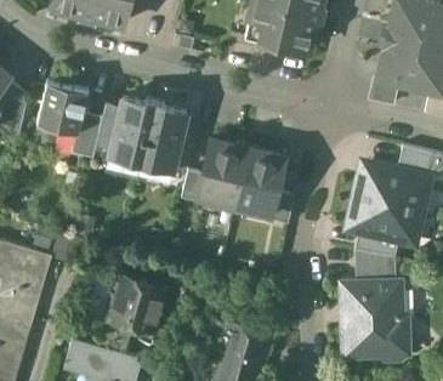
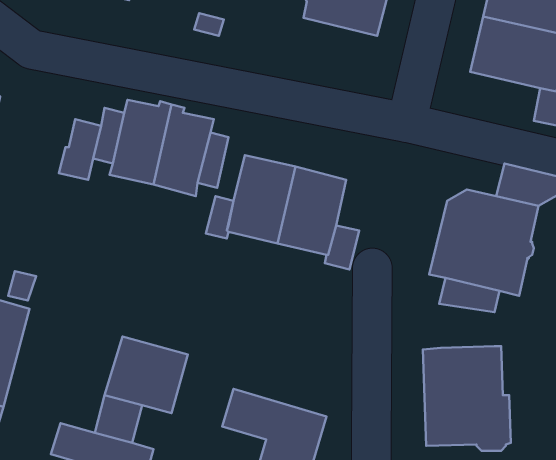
building: [36,83,89,135] -> none
building: [354,251,396,284] -> none

